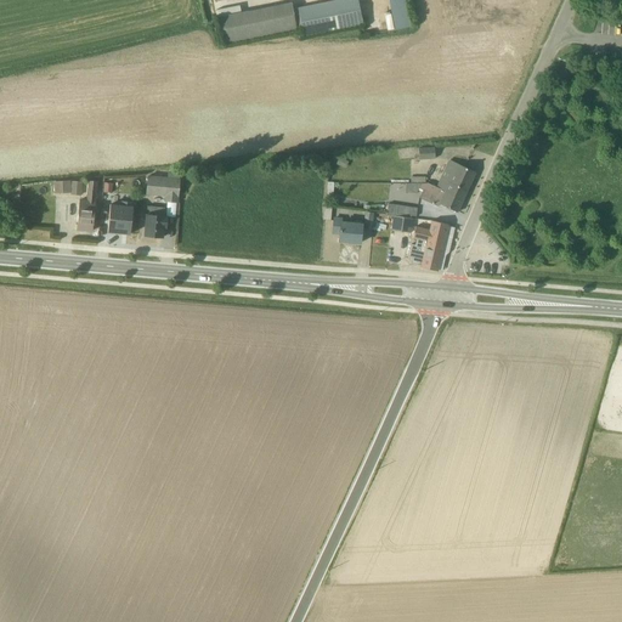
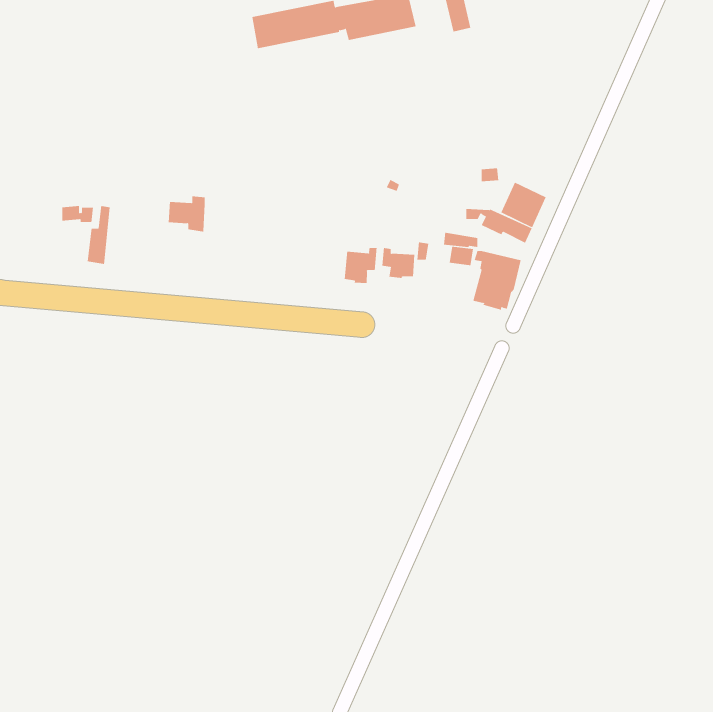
building: [108,200,134,232] -> none
building: [145,204,168,236] -> none
building: none -> [344,247,377,284]

